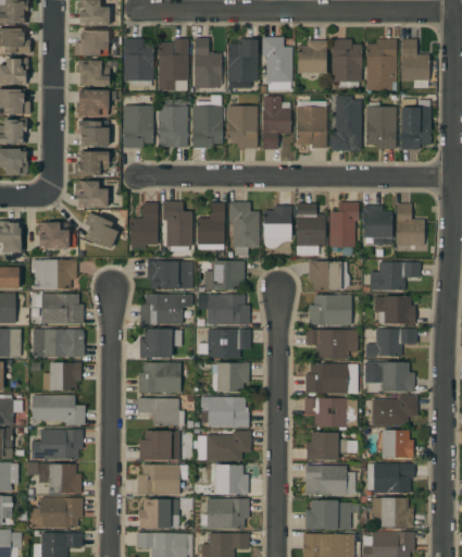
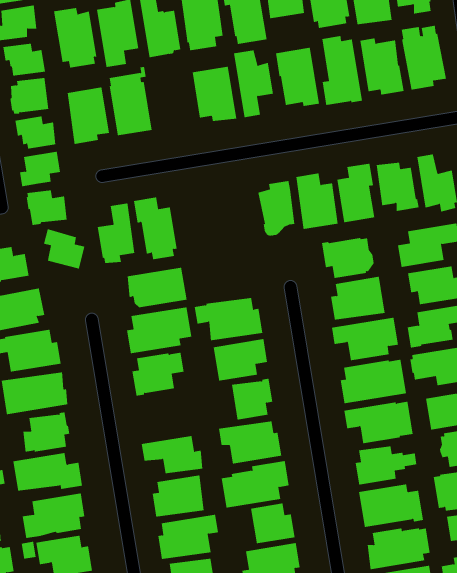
building: [192,95,223,148] -> none
building: [229,201,259,256] -> none
building: [197,202,225,257] -> none
building: [204,261,245,289] -> none
building: [138,362,180,393] -> none

